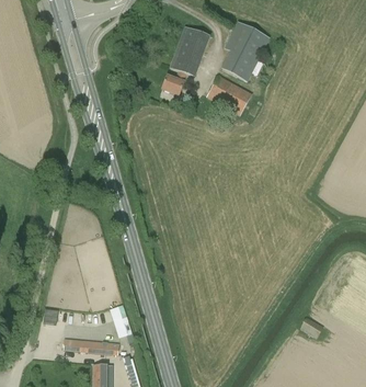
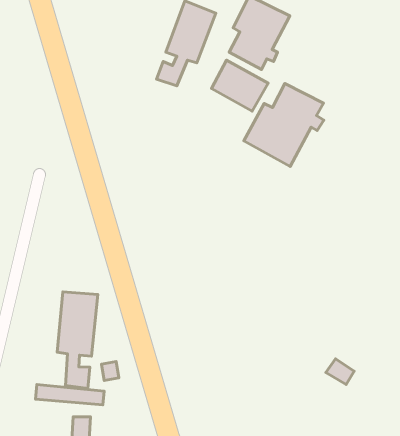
building: none -> [244,84,324,166]
building: none -> [57,292,98,388]

